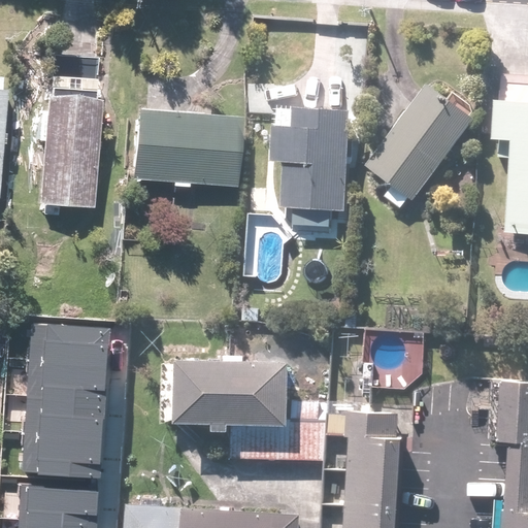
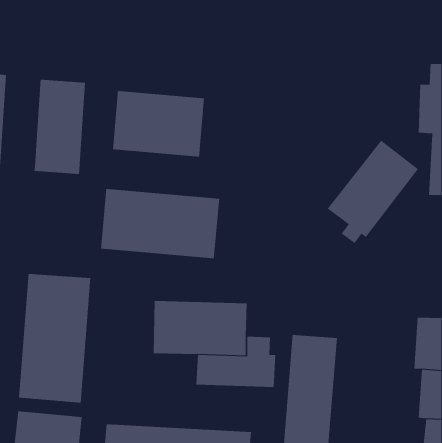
building: [369,85,478,208] -> [327,140,419,244]
building: [277,107,354,211] -> none
building: none -> [100,188,220,259]

